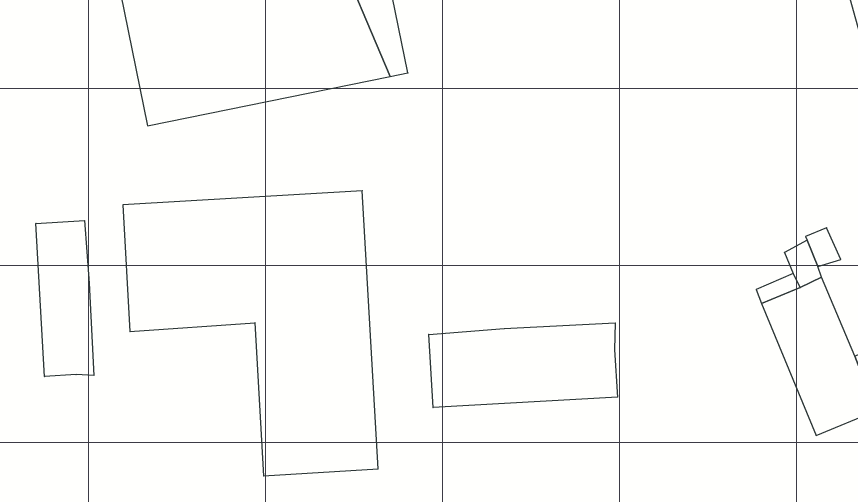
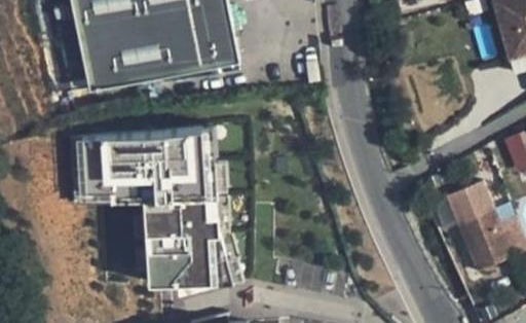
building: [36,221,94,377] -> none
building: [429,323,618,408] -> none

